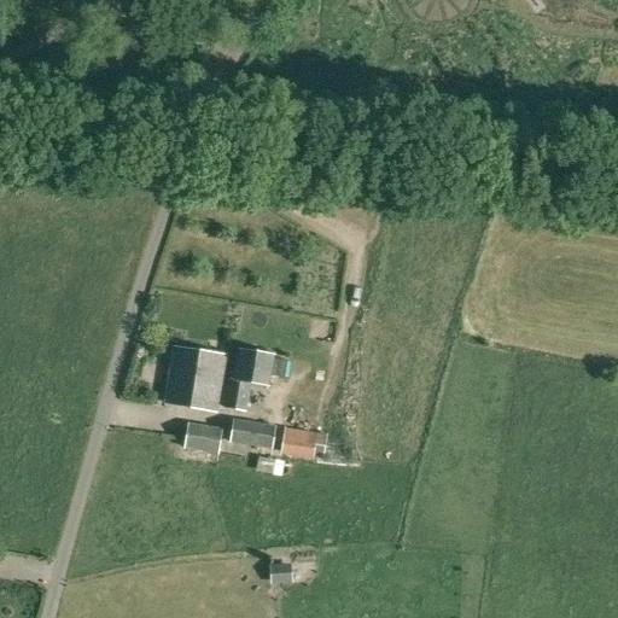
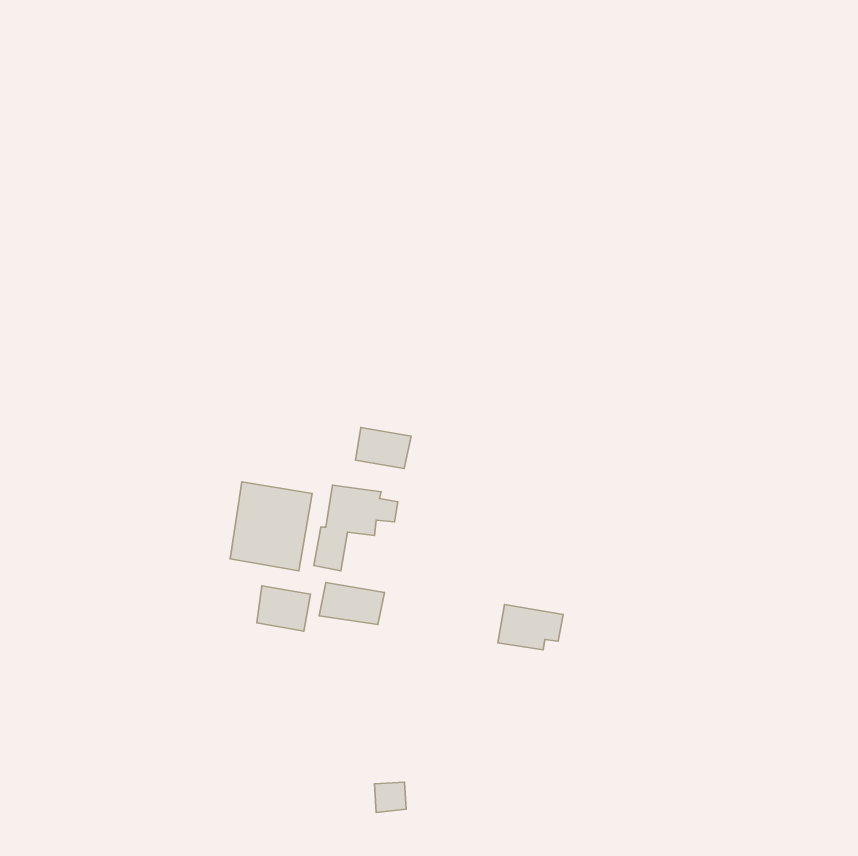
building: none -> [356,427,411,468]
building: [280,426,327,459] -> [498,604,563,650]

